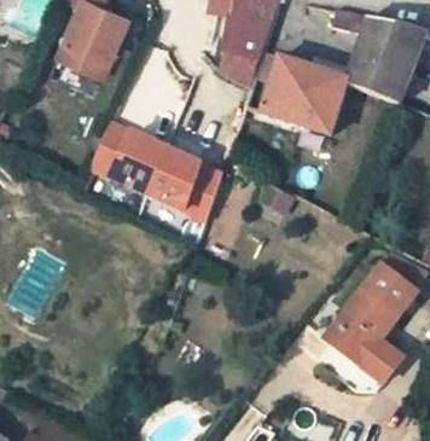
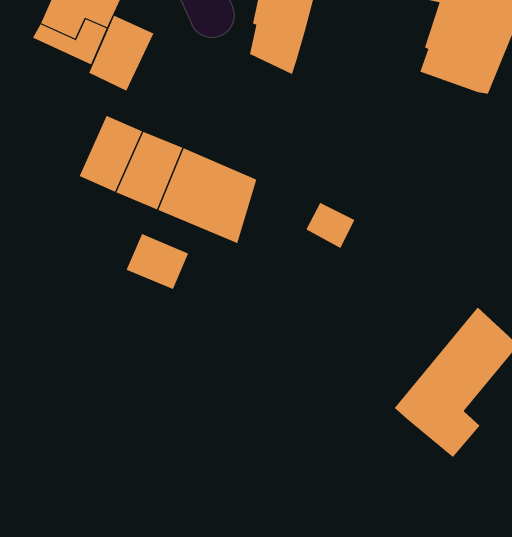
building: none -> [88,15,154,92]
building: [254,57,351,137] -> none
building: none -> [126,233,189,290]

